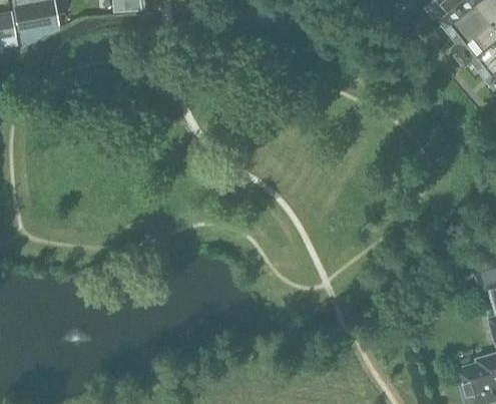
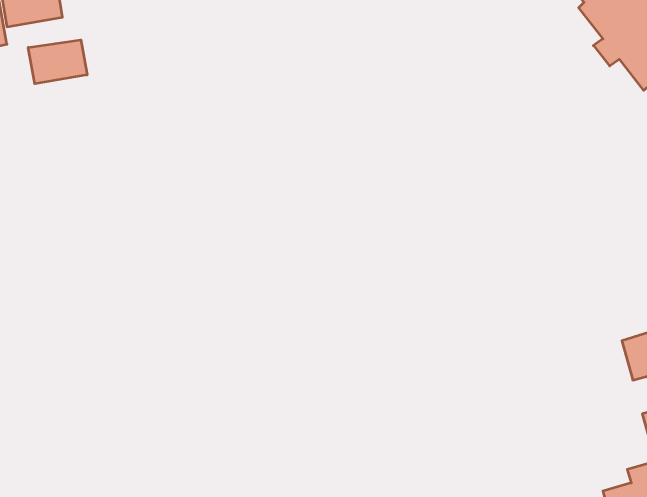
building: none -> [28,40,87,84]

